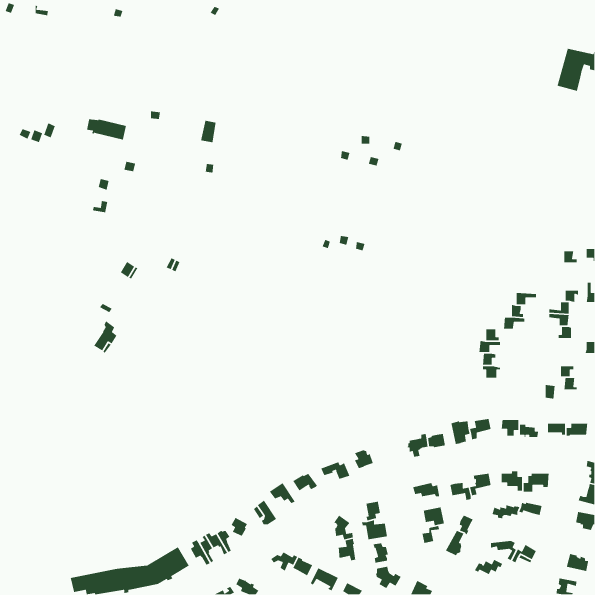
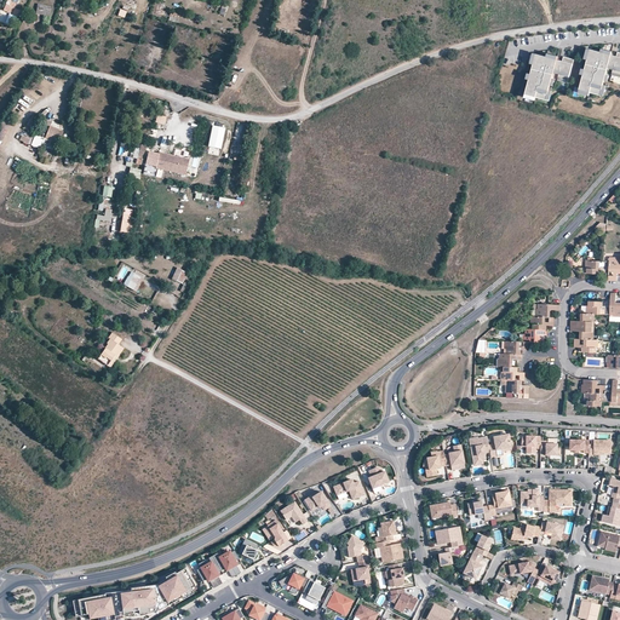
building: none -> [526,53,574,99]
building: [86,118,127,141] -> [147,151,189,174]

